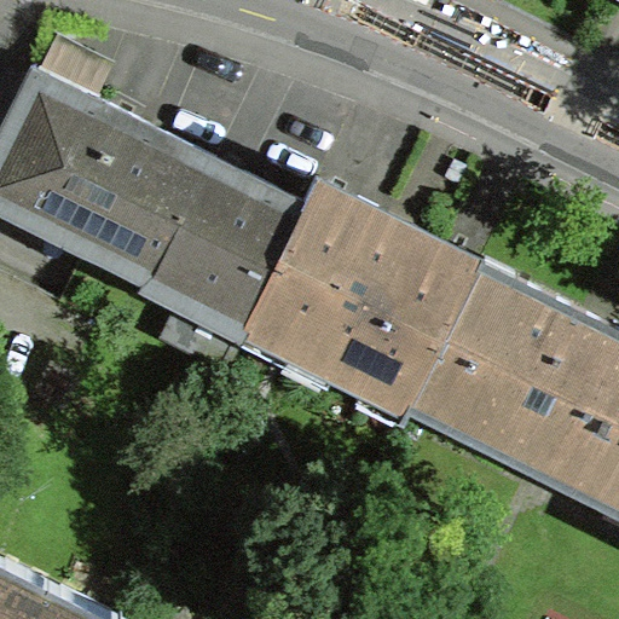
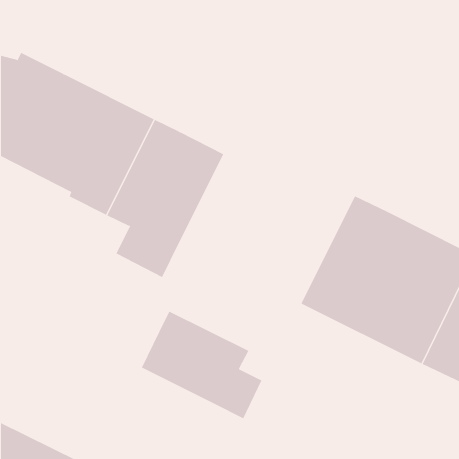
building: [244,185,478,409] -> none
building: none -> [141,311,262,419]

